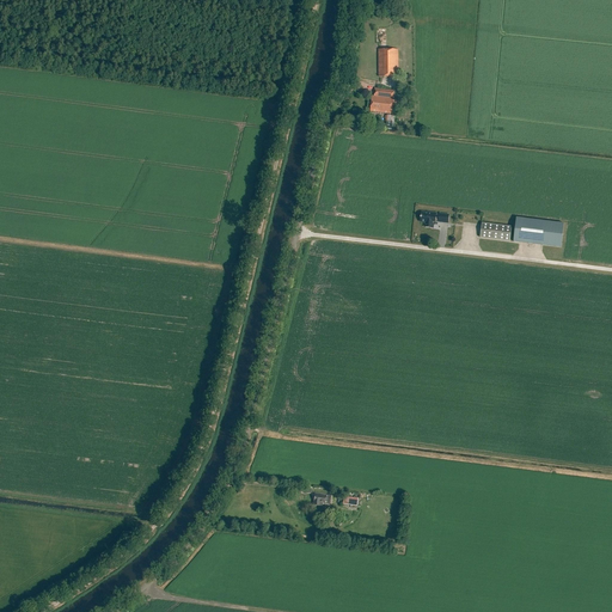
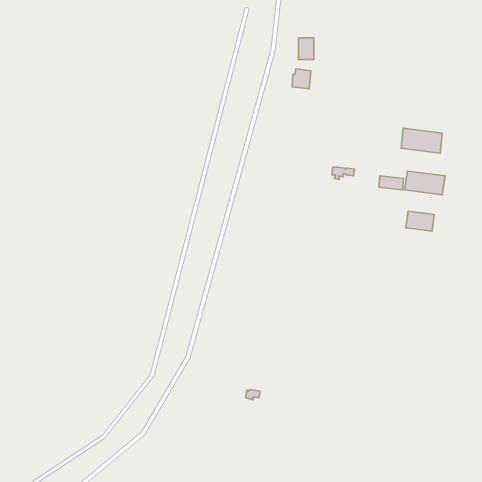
building: none -> [401,128,442,153]
building: none -> [406,211,434,231]

